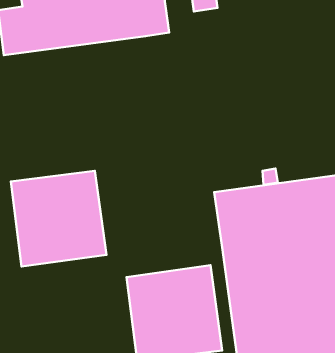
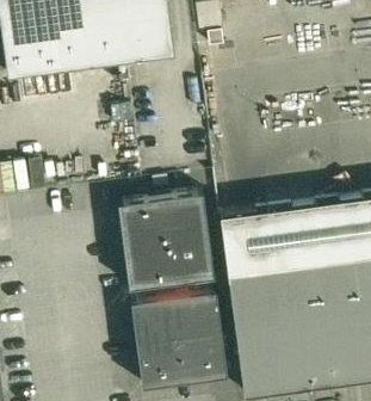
building: [11,171,107,267] -> [117,192,214,289]

